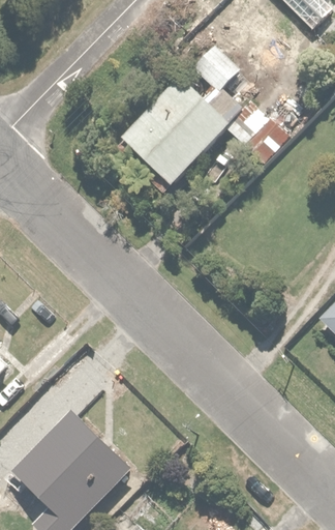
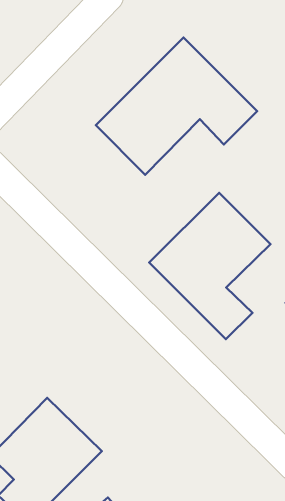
building: none -> [149,193,270,339]

